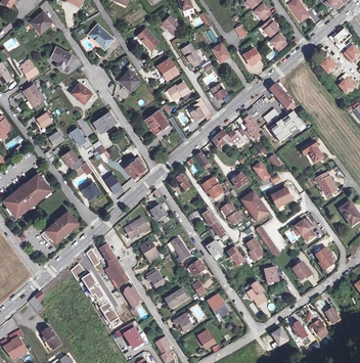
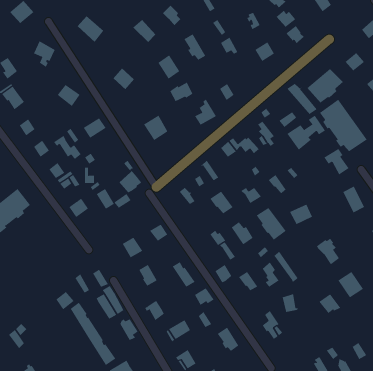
building: none -> [307,68,344,103]
building: none -> [319,99,367,152]
building: [40,212,75,241] -> none

